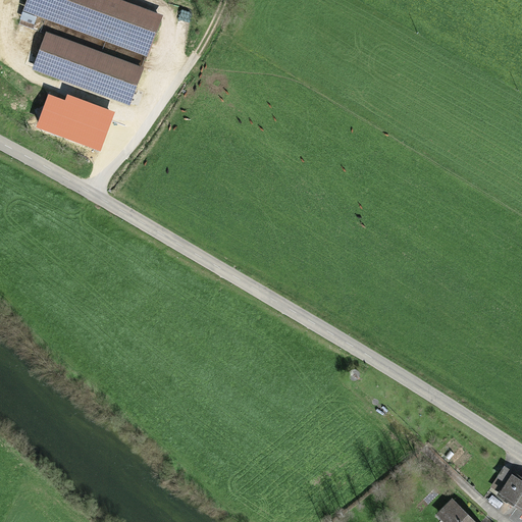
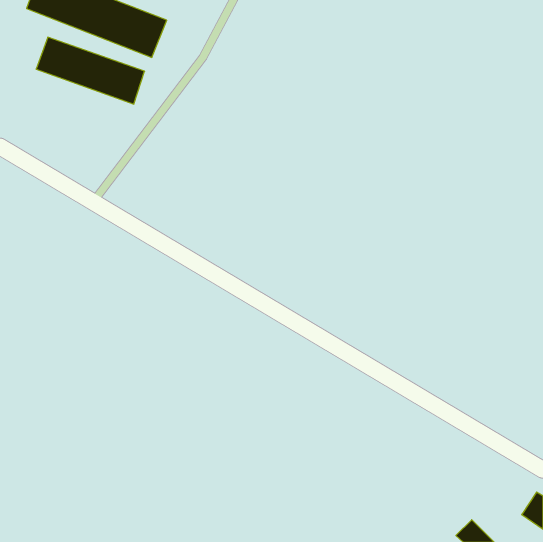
building: [39,96,110,147] -> none

